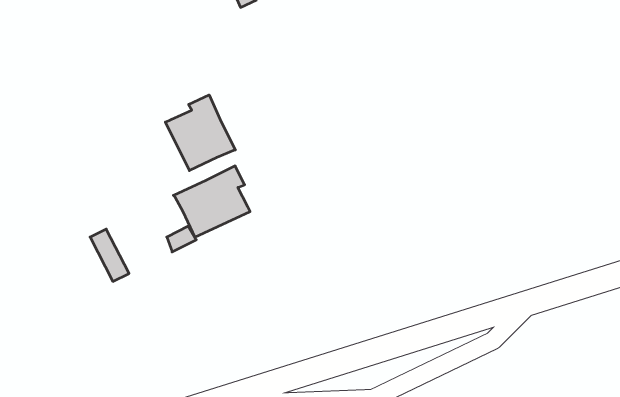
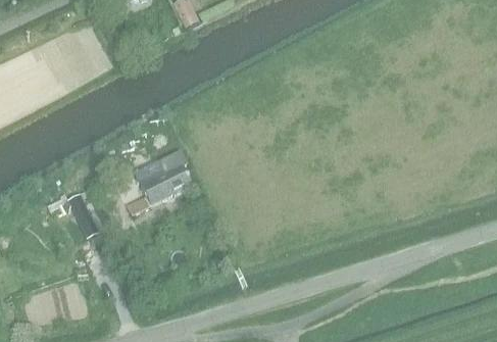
building: [165,95,235,171] -> none

